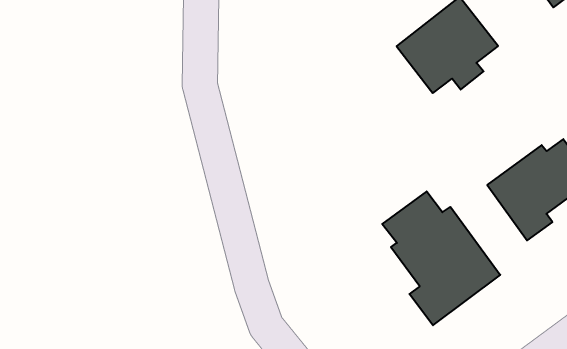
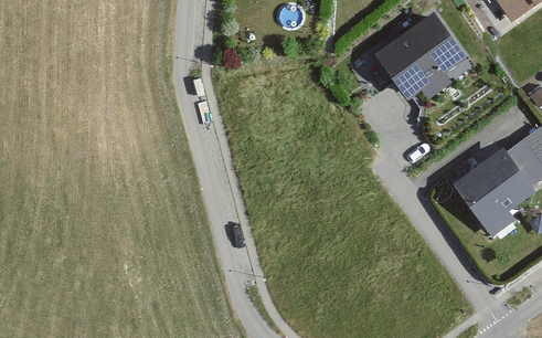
building: [382,191,500,325] -> none

